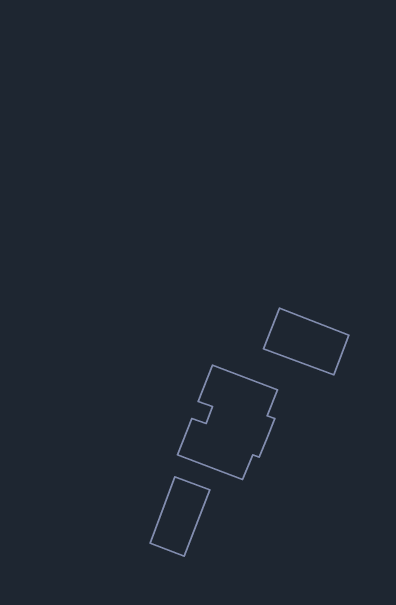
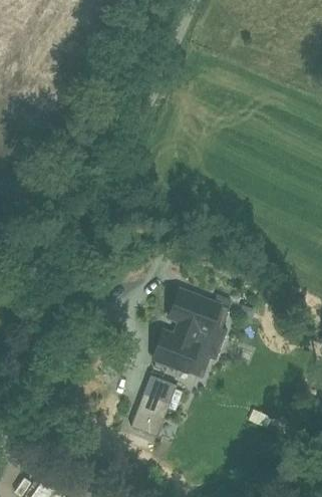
building: [264,308,349,375] -> none

